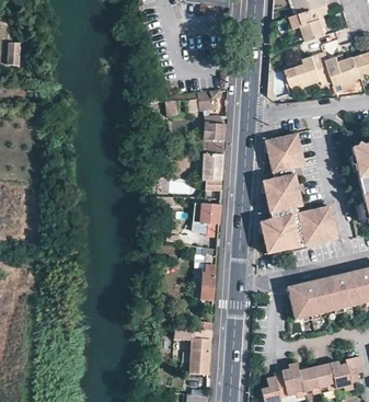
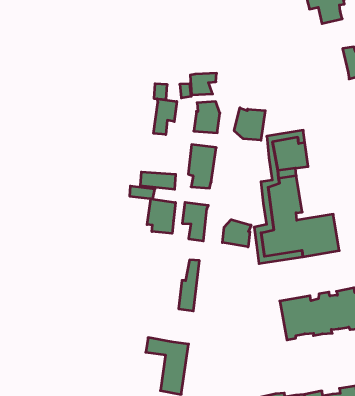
building: [289,51,335,87] -> none
building: none -> [154,99,177,135]
building: none -> [234,108,265,140]
building: none -> [147,199,175,233]
building: none -> [222,220,251,247]

